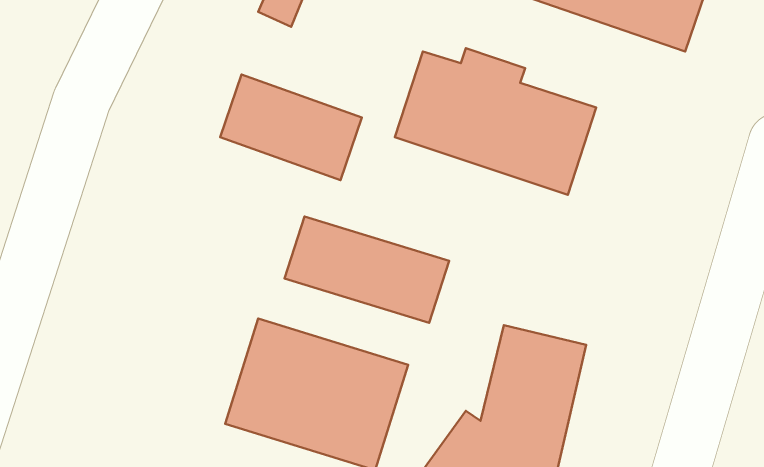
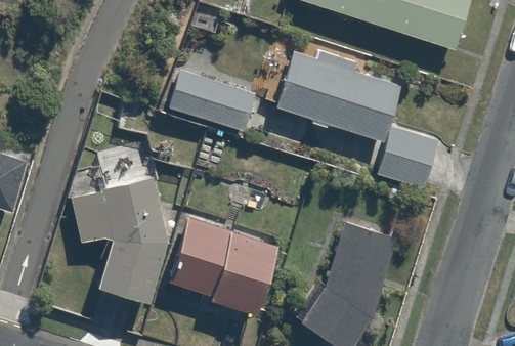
building: none -> [375,125,439,193]
building: none -> [71,145,175,303]
building: [284,216,449,323] -> none

